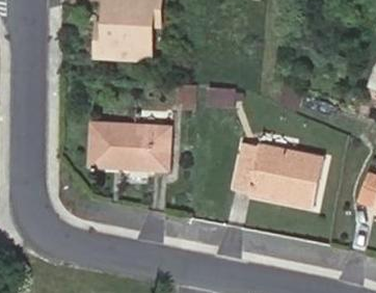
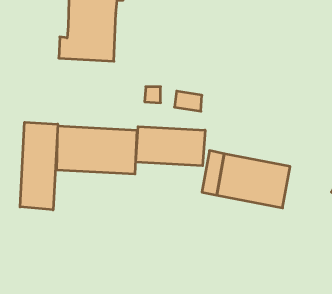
building: none -> [20,122,58,210]
building: none -> [136,127,205,166]

